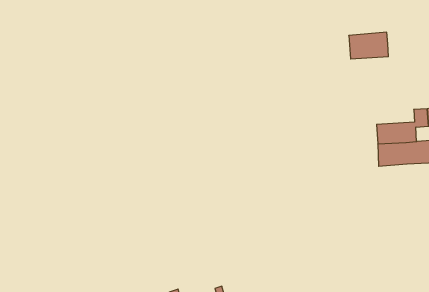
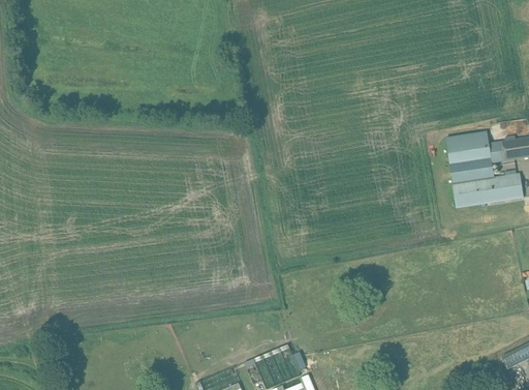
building: [349,32,388,59] -> [445,130,490,162]

